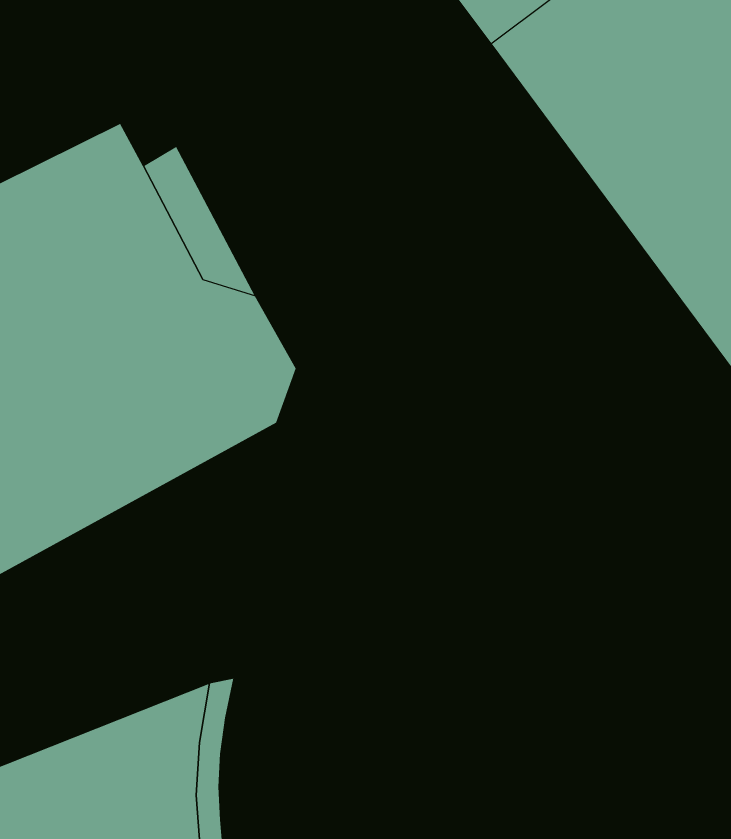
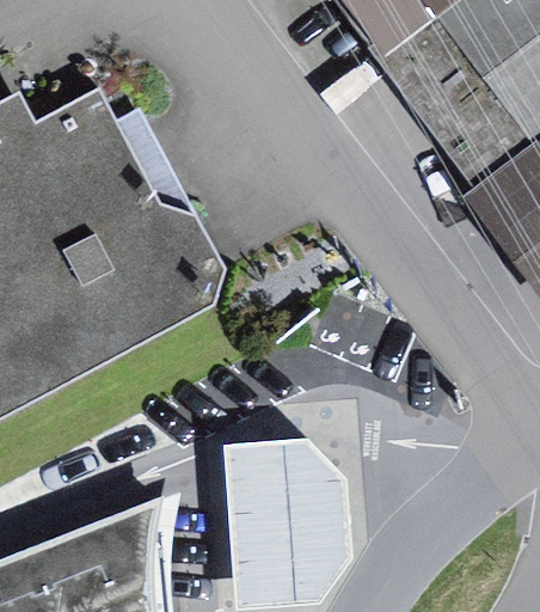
building: none -> [221,435,346,602]

